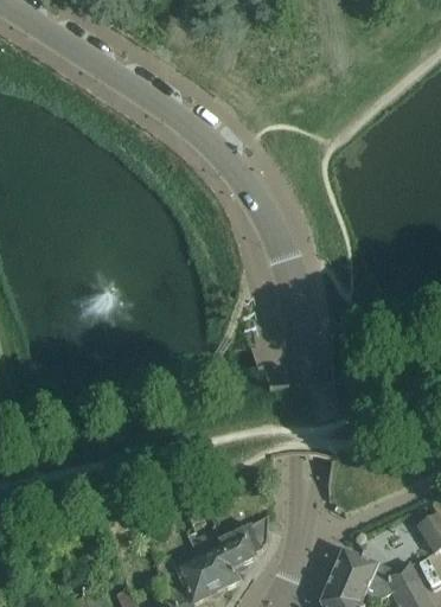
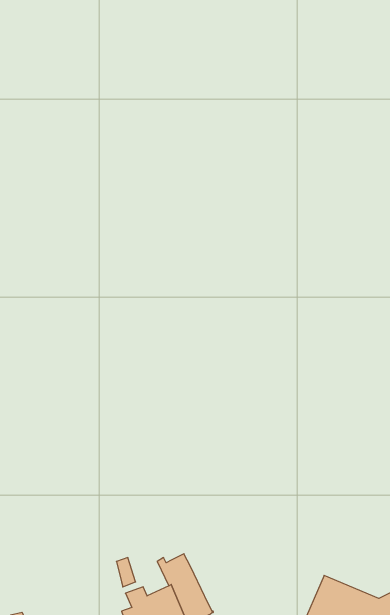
building: [217,517,267,575] -> none

